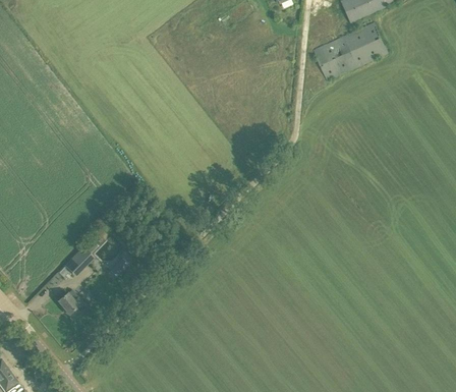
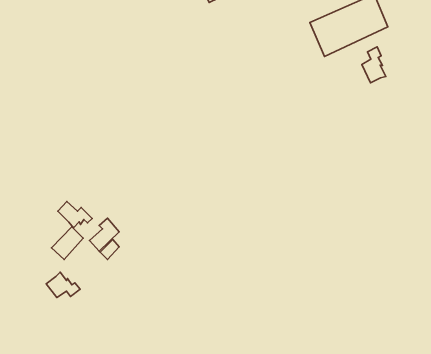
building: none -> [362,47,386,83]
building: none -> [58,201,92,228]

